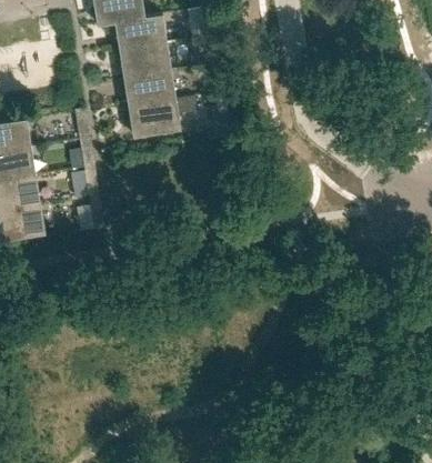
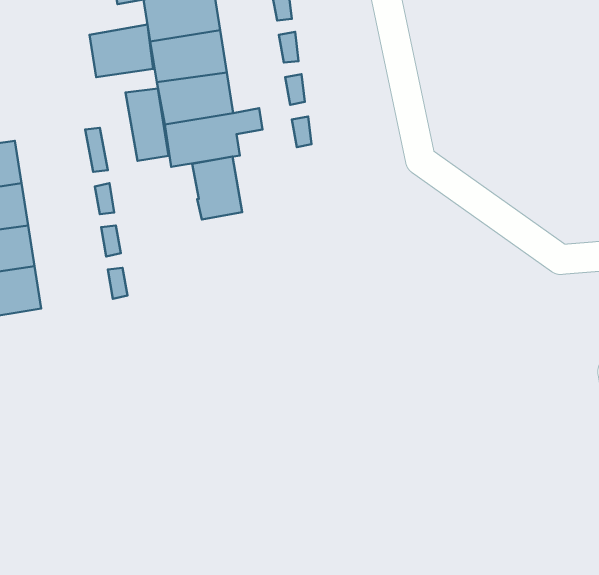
building: none -> [90,24,153,77]
building: none -> [126,89,168,161]
building: none -> [192,157,242,220]

